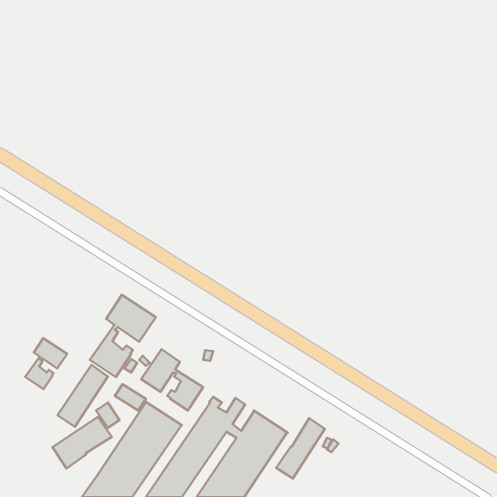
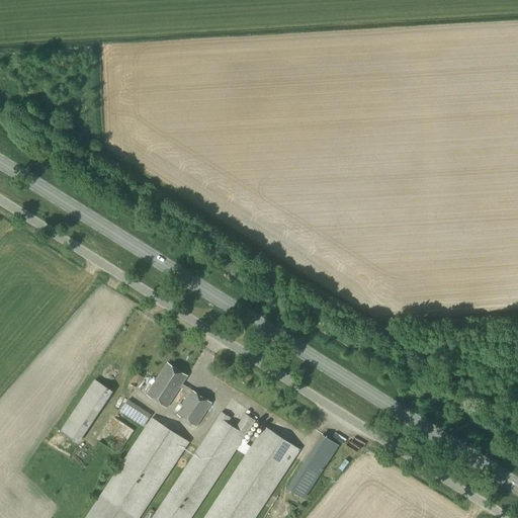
building: [90,295,156,377] -> none
building: [25,338,67,389] -> none
building: [52,417,112,468] -> none

